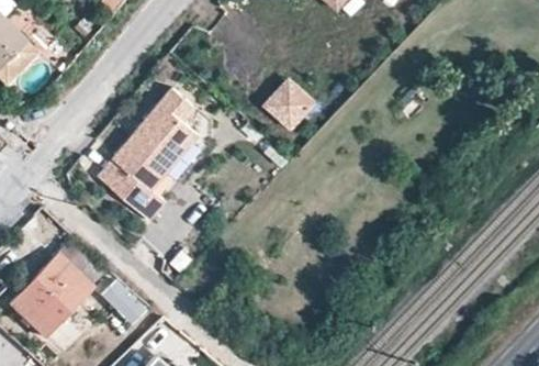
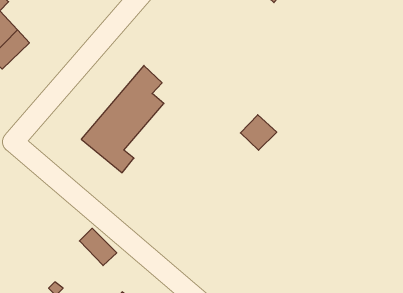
building: [267,82,311,125] -> [240,115,277,150]
building: [10,252,100,336] -> none

